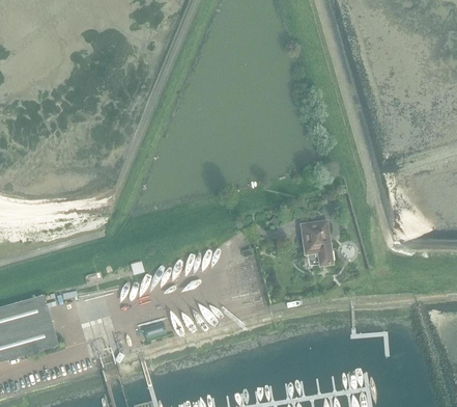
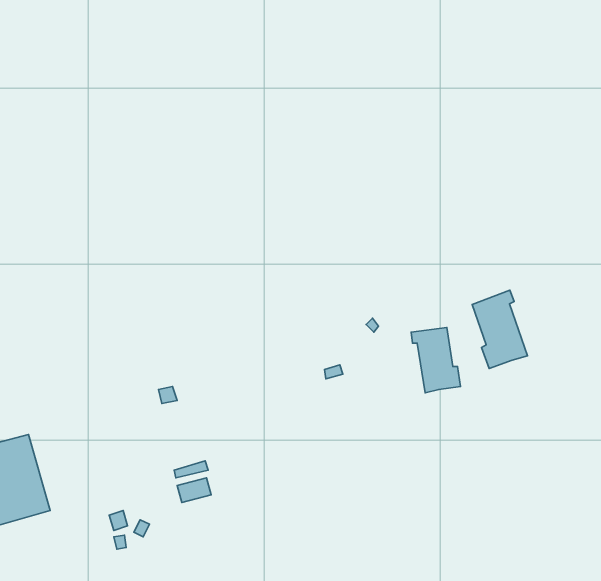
building: none -> [472,290,528,368]

